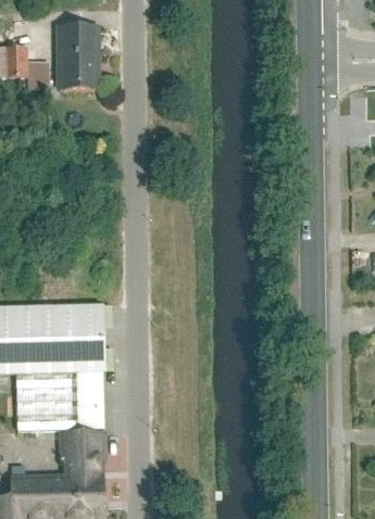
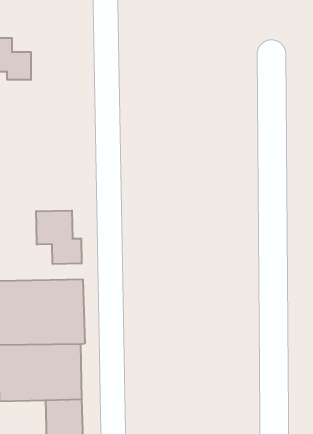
building: [55,24,100,89] -> none
building: none -> [36,210,82,264]

